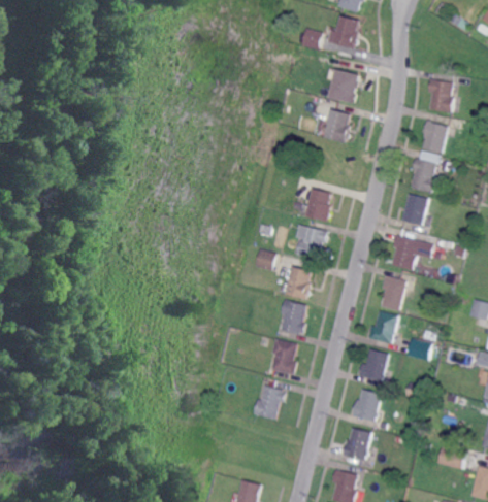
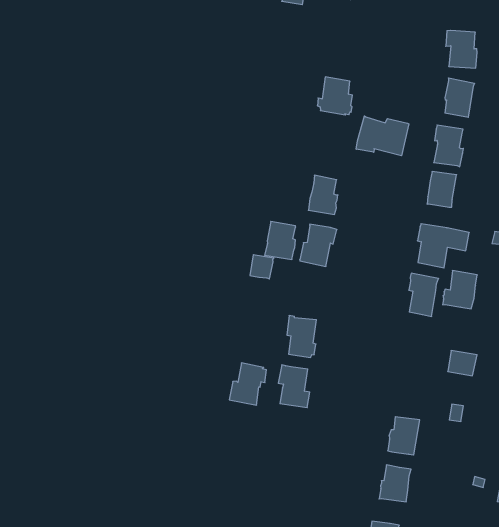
building: [325,68,358,103] -> none
building: none -> [356,116,409,156]
building: [285,266,312,298] -> [265,221,296,259]
building: [367,310,397,342] -> [443,271,477,309]
building: [358,348,387,380] -> none
building: [251,386,283,421] -> [229,363,266,405]

